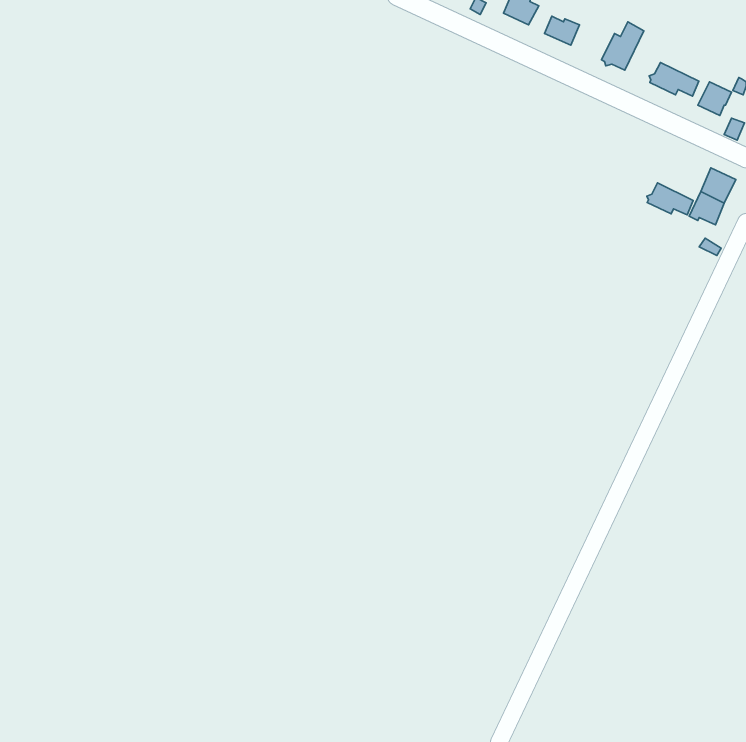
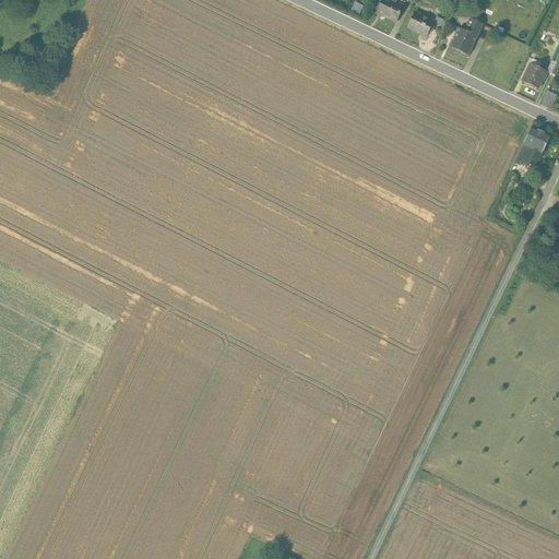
building: [649,62,699,96] -> none
building: [647,183,693,215] -> none

